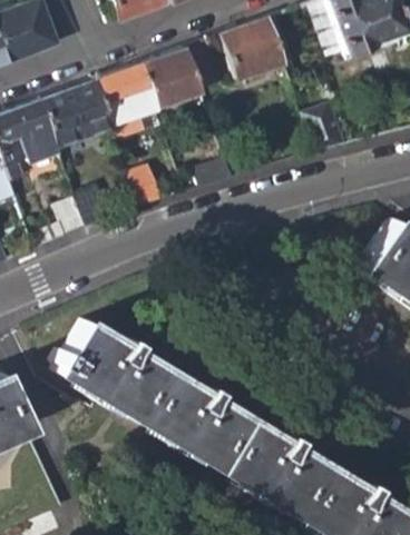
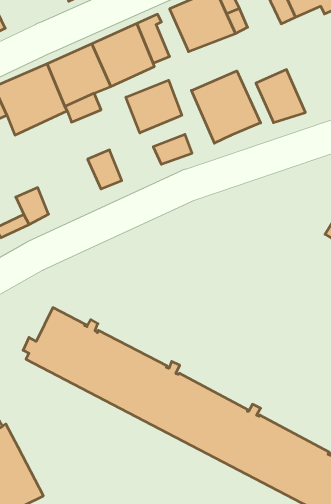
building: none -> [191,71,261,143]
building: none -> [126,80,182,133]

